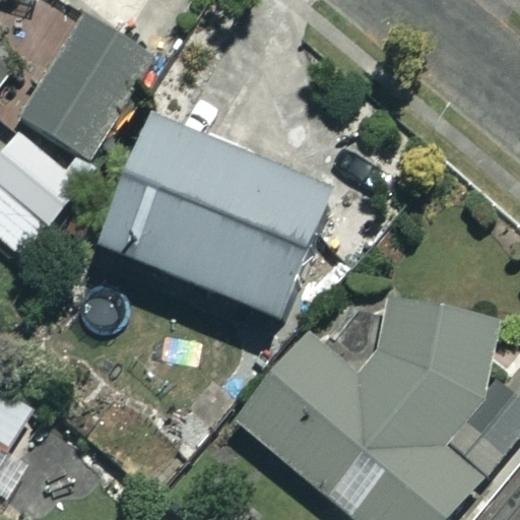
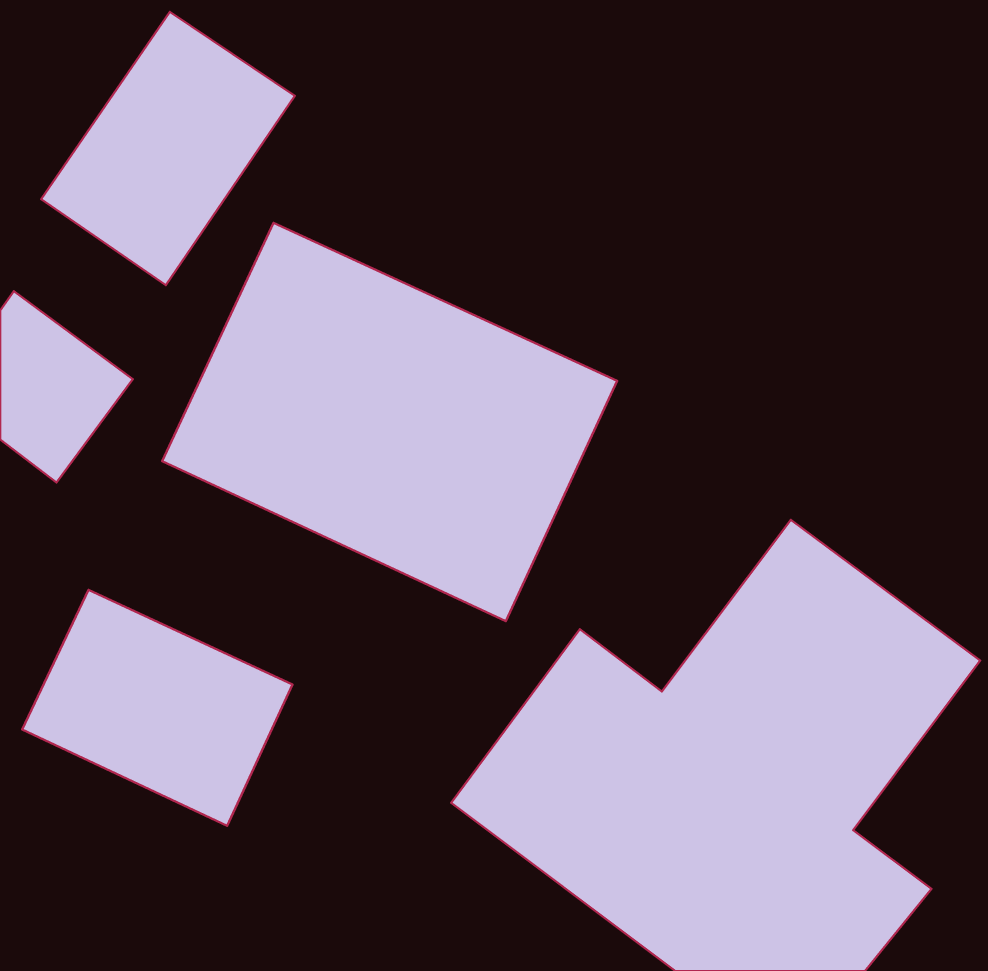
building: none -> [22,590,292,826]

